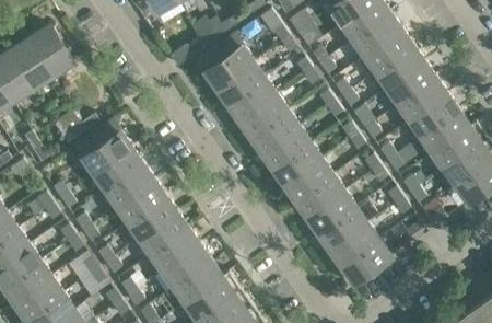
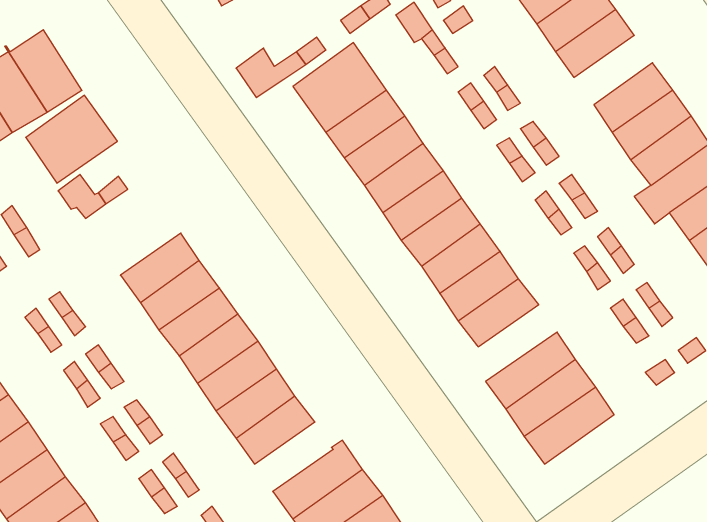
building: [366,31,413,72] -> none
building: [78,122,132,174] -> [26,95,117,183]
building: [302,192,356,238] -> none
building: [176,262,223,303] -> none

